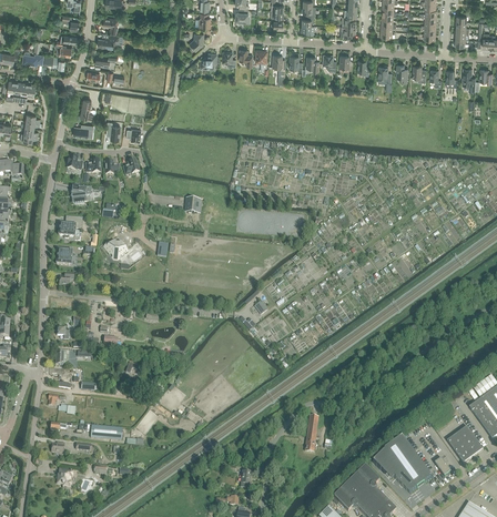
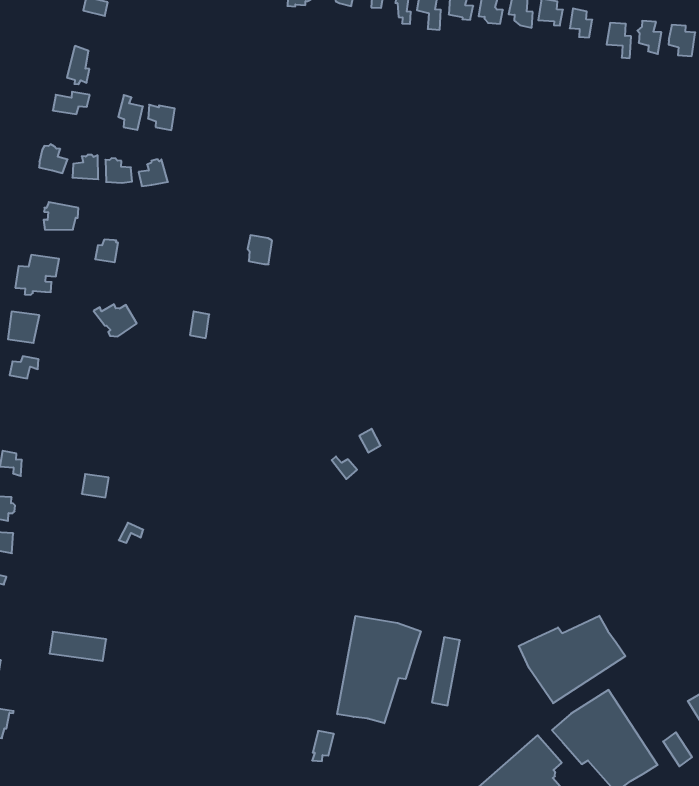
building: none -> [519,616,625,703]
building: none -> [337,616,421,723]

